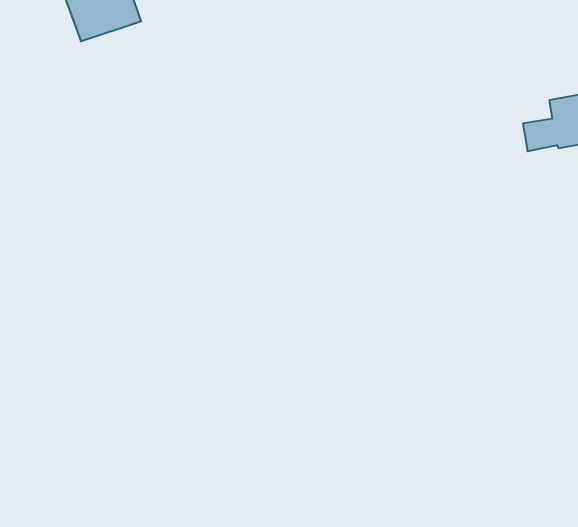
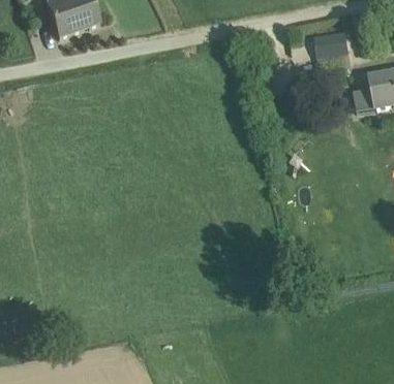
building: none -> [314,29,348,56]

